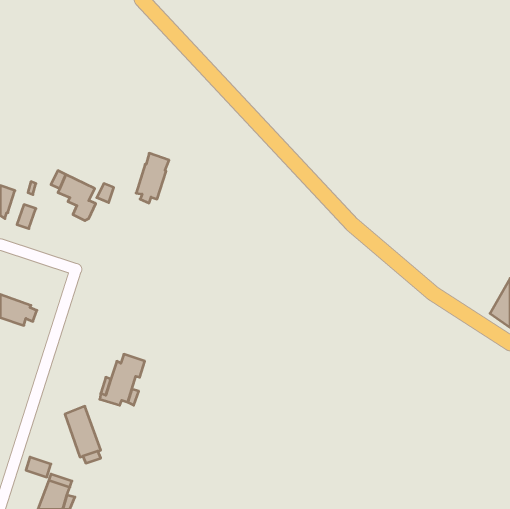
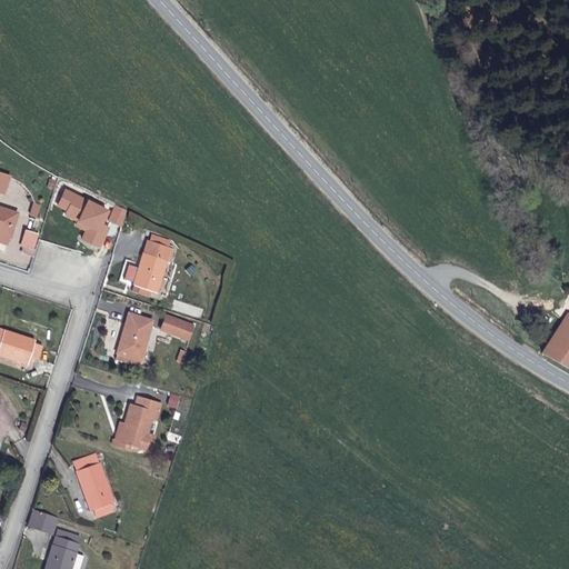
building: [136,153,169,203] -> [132,240,169,296]
building: none -> [116,312,151,363]
building: none -> [160,315,192,339]

